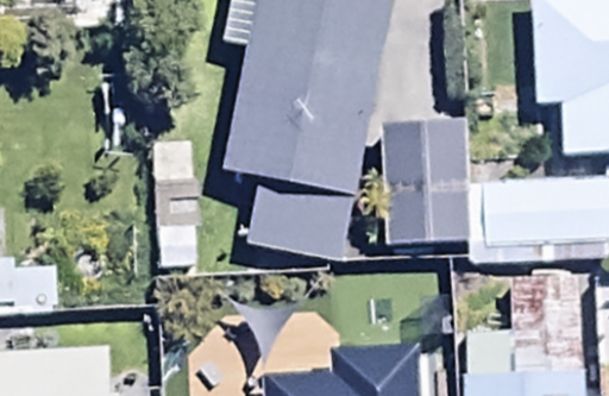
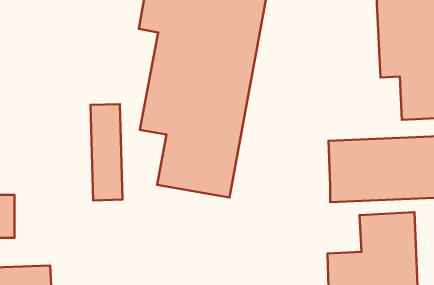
building: [381,119,471,245] -> none

